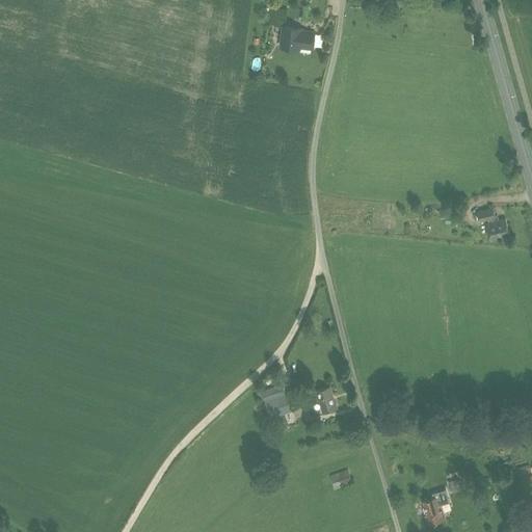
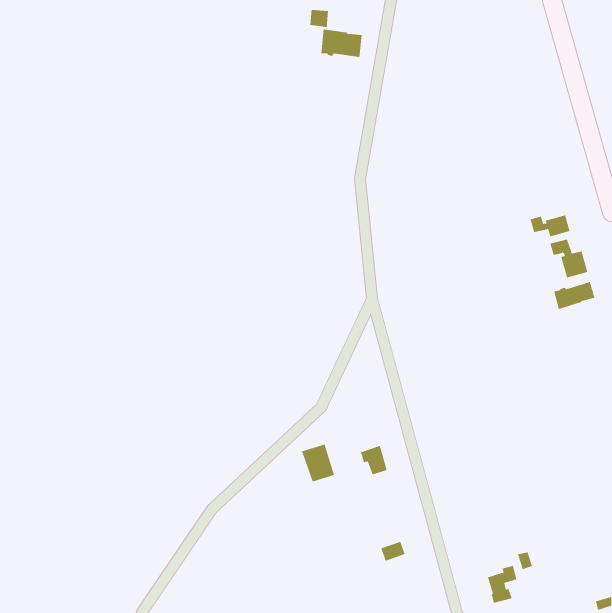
building: none -> [530,214,570,237]
building: none -> [553,281,595,310]

